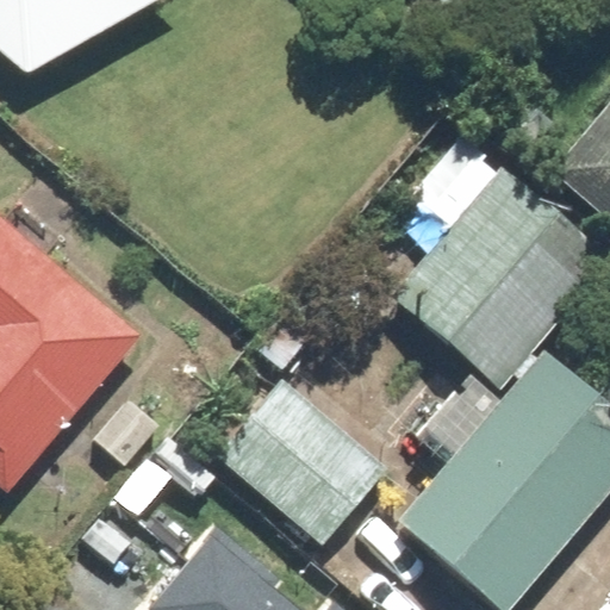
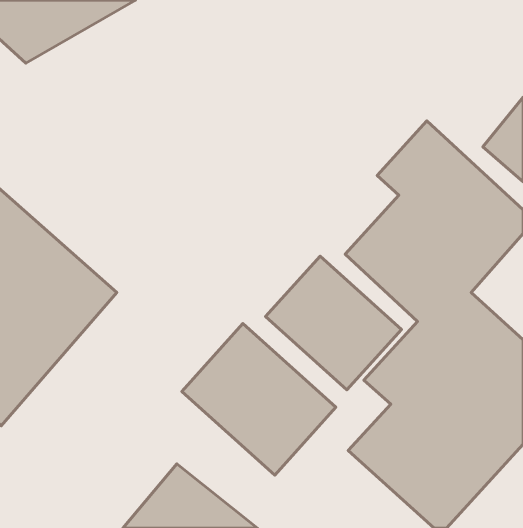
building: none -> [265,256,402,390]

